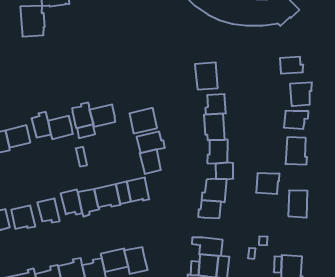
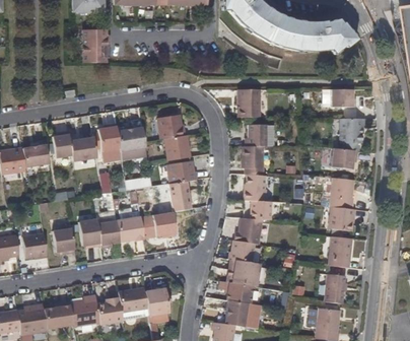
building: [20,6,45,37] -> [83,29,109,63]
building: none -> [157,115,185,139]
building: [256,173,280,194] -> [328,207,355,231]
building: none -> [231,260,260,286]
building: none -> [323,274,345,303]

